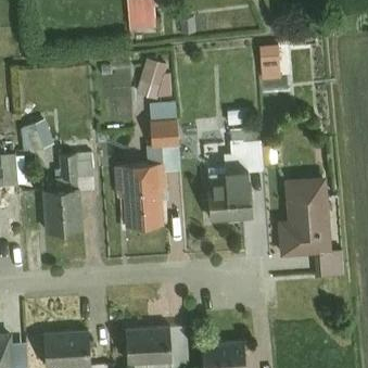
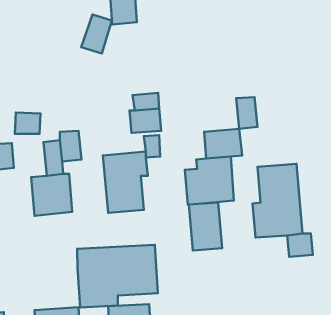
building: [259,48,282,81] -> [236,97,257,129]
building: [135,59,167,100] -> [81,14,112,53]
building: none -> [189,202,222,251]
building: none -> [77,245,158,307]

